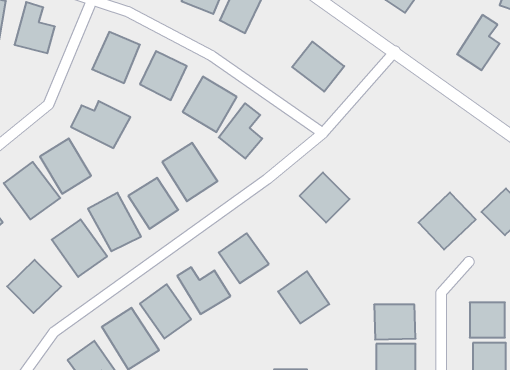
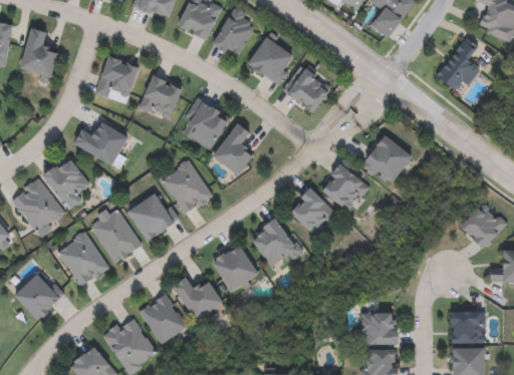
building: none -> [247,36,293,82]
building: none -> [361,134,414,181]
building: none -> [321,163,367,209]
building: [418,192,476,250] -> none
building: [278,271,329,323] -> [251,219,299,268]

